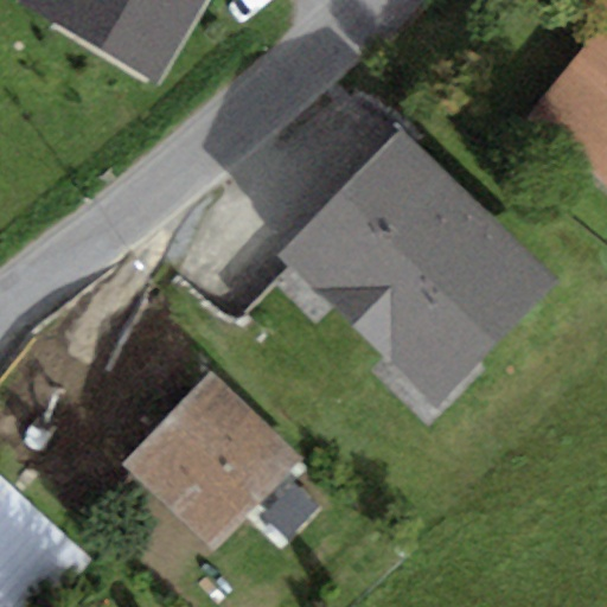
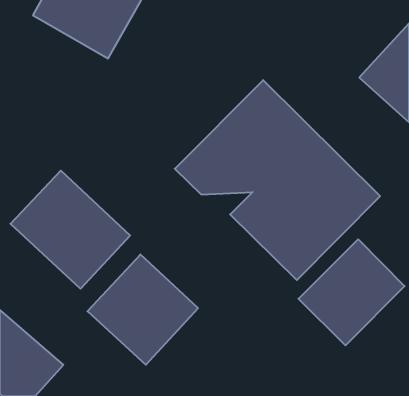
building: none -> [10,171,130,289]
building: none -> [298,239,405,345]

